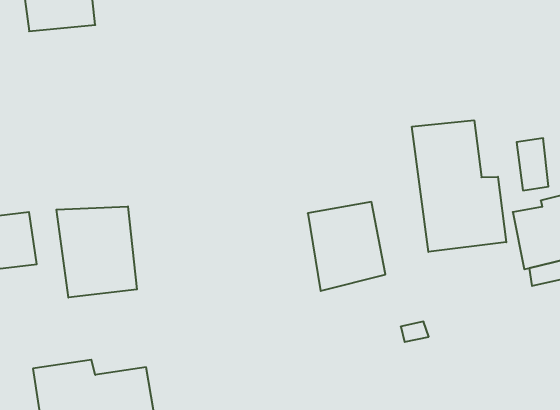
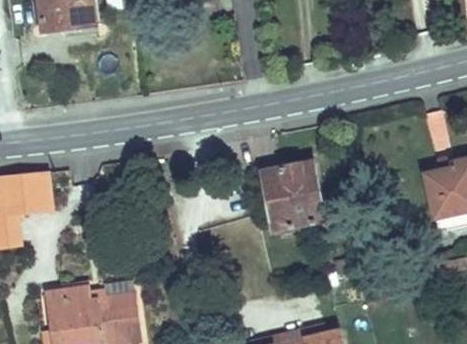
building: [412,120,506,252] -> none
building: [56,206,137,298] -> none

